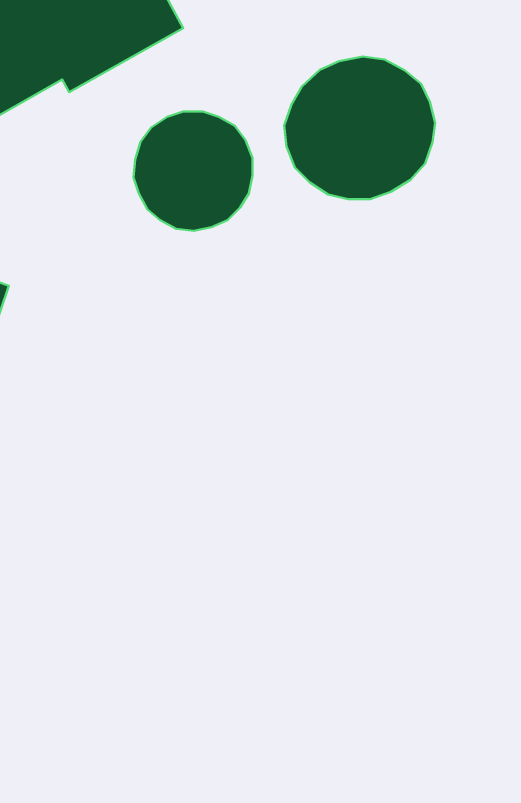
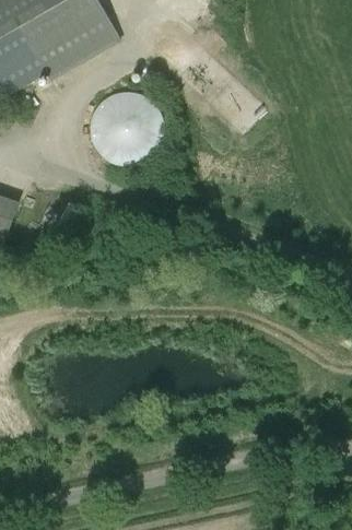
building: [284,57,435,199] -> none

